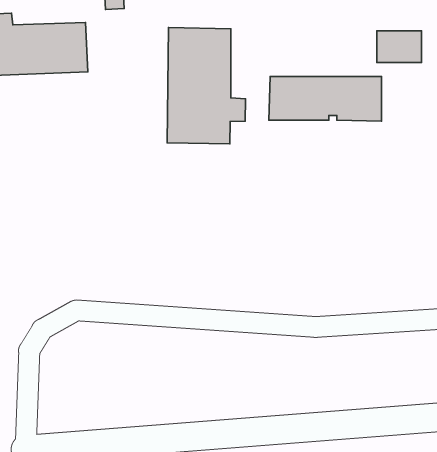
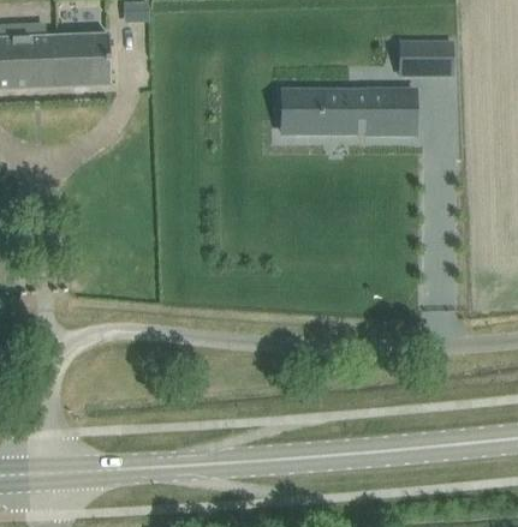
building: [167,28,246,144] -> none

